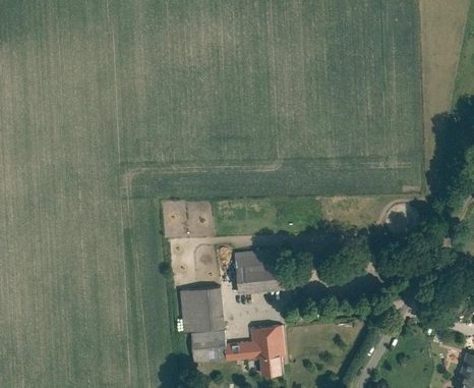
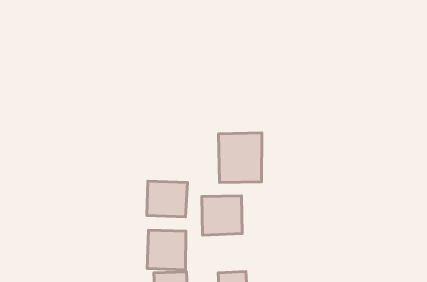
building: none -> [218,133,262,183]
building: none -> [147,181,188,217]

